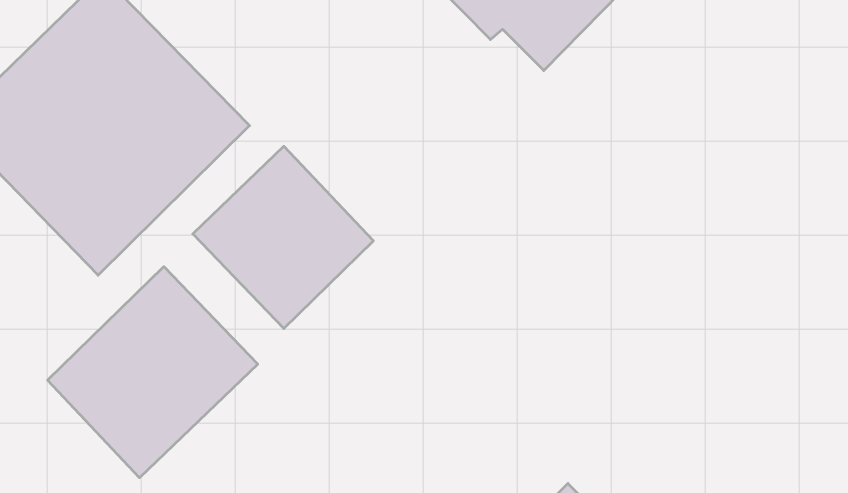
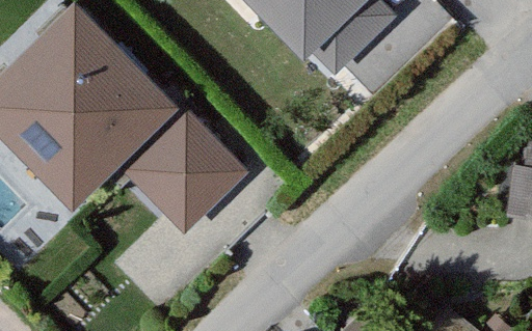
building: [48,267,258,478] -> none

